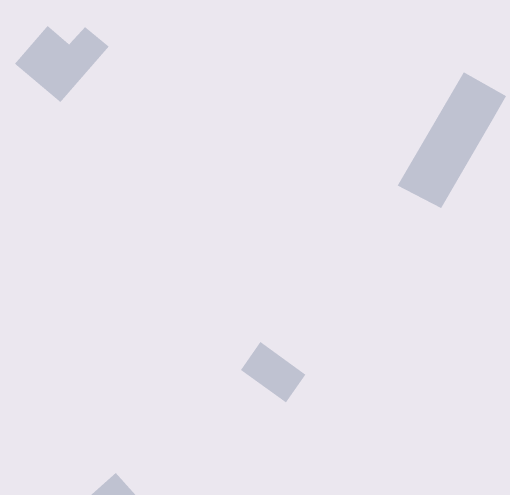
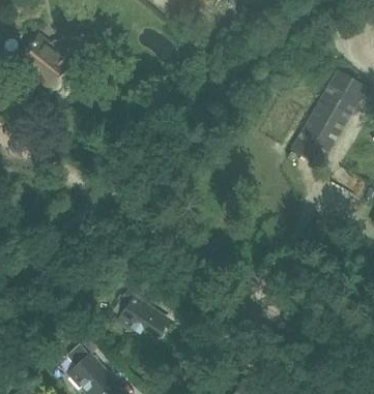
building: [240,341,307,403] -> [120,295,168,339]

